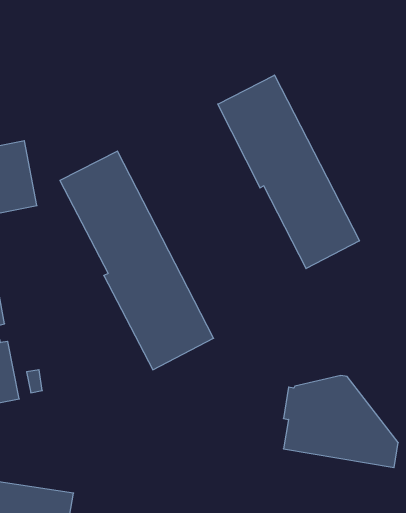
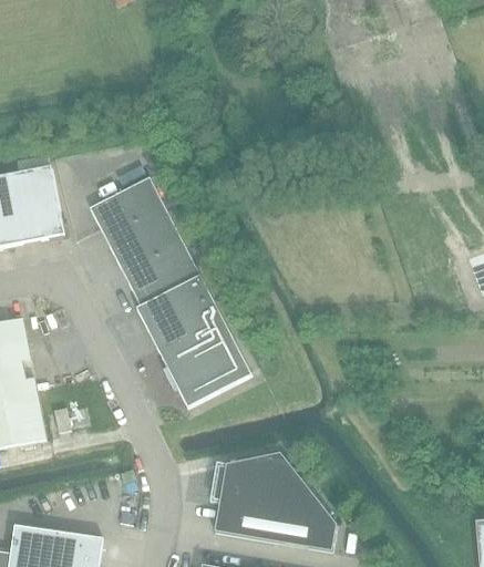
building: [218,75,359,269] -> none
building: [283,376,398,468] -> [214,454,336,551]

